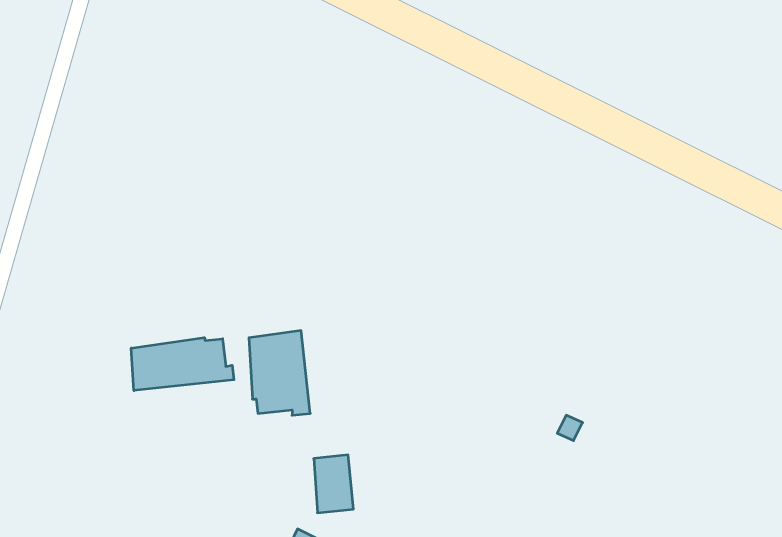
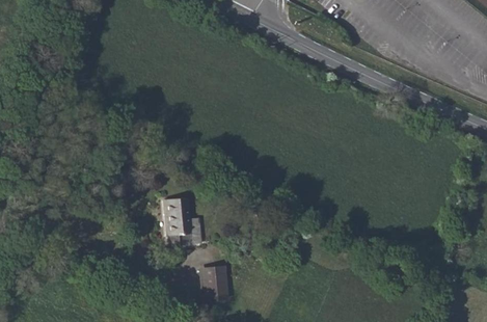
building: [131,338,234,391] -> none

